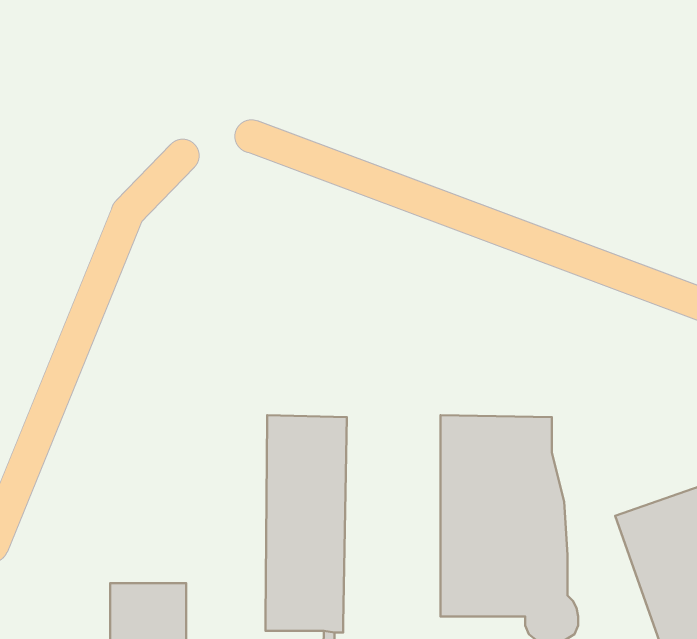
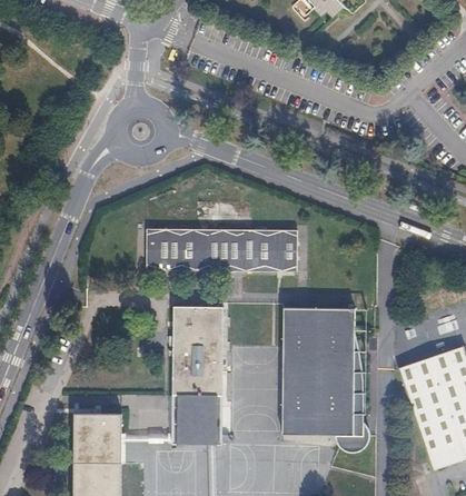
building: none -> [147,229,297,270]

